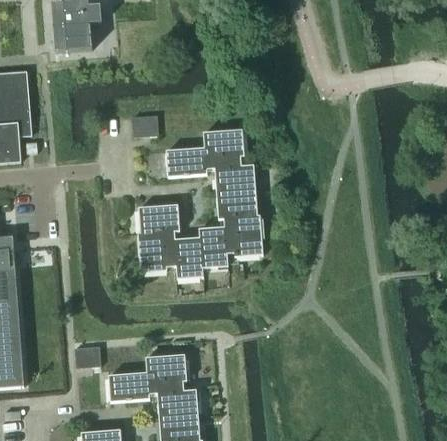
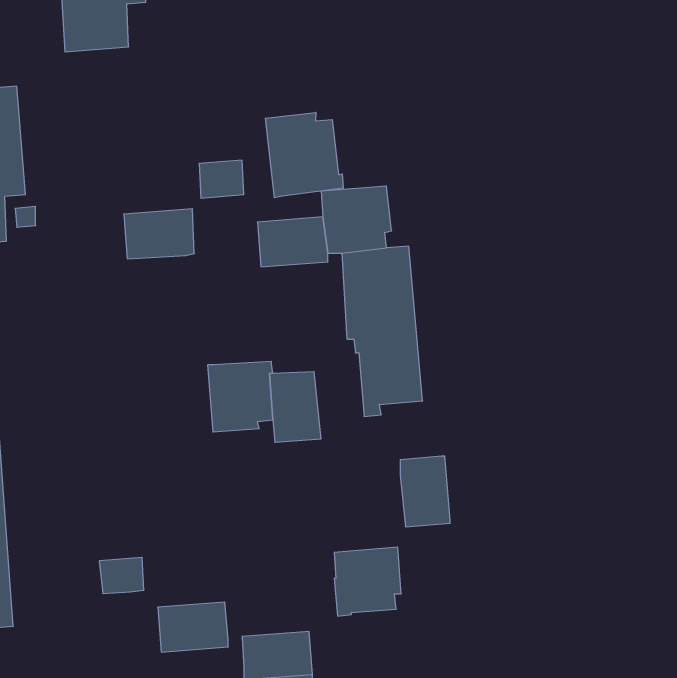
building: none -> [265,112,343,198]
building: [138,204,179,233] -> [124,209,194,259]
building: [199,226,228,267] -> [400,456,450,527]
building: [147,353,186,393] -> [334,547,401,616]

